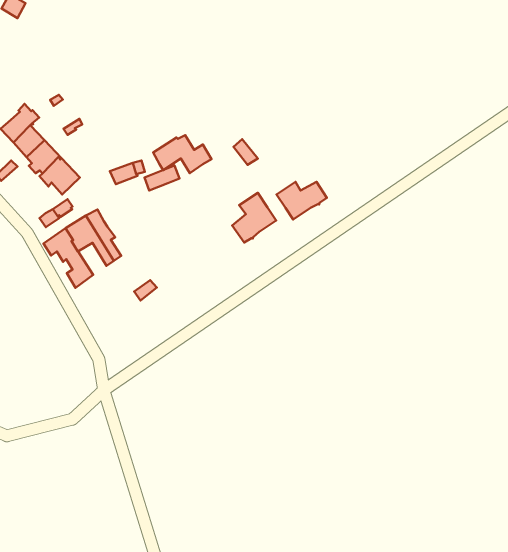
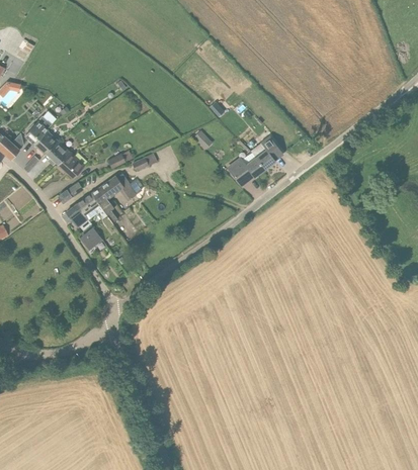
building: [153,135,212,173] -> [99,174,142,201]
building: none -> [252,134,275,169]
building: [232,193,276,243] -> none

